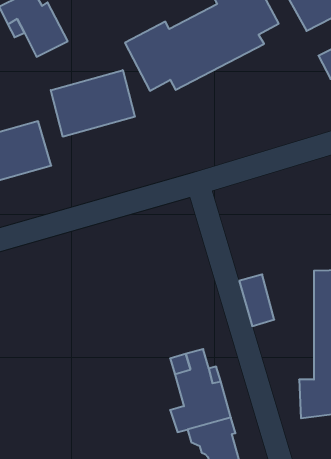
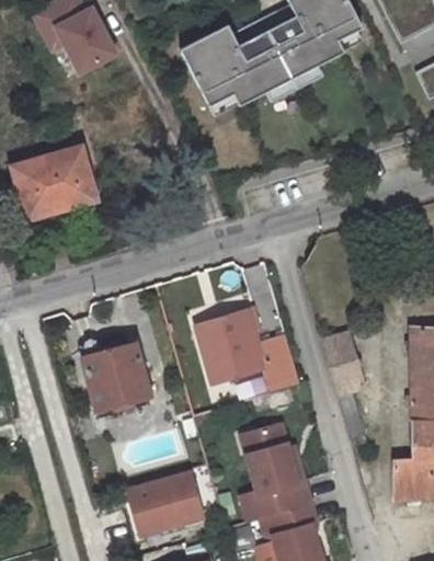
building: [51,70,135,137] -> none
building: none -> [198,308,295,390]
building: none -> [80,343,148,410]
building: none -> [124,470,202,535]

